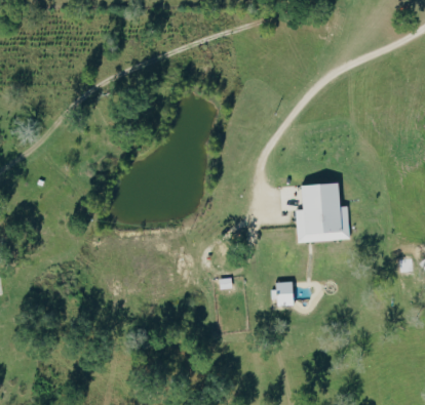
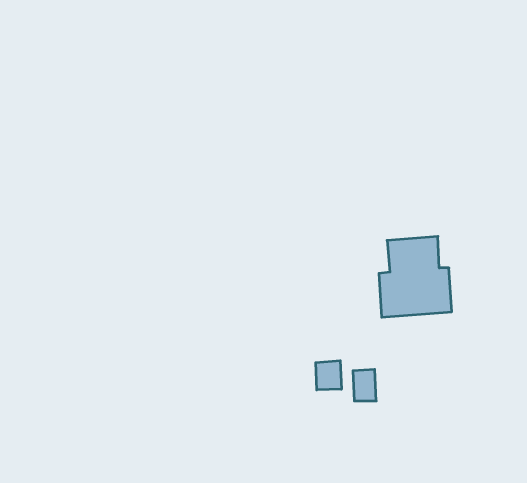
building: none -> [316,361,341,390]

